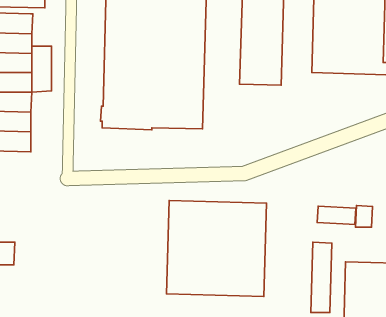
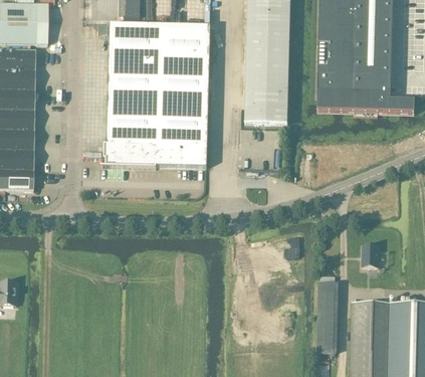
building: [32,46,52,92] -> none
building: [167,200,266,297] -> none
building: [317,206,356,224] -> none

